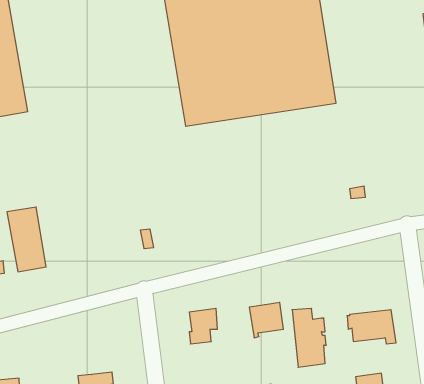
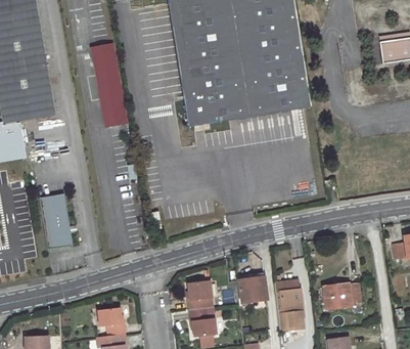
building: none -> [91,46,124,127]
building: none -> [97,307,125,336]
building: none -> [190,308,217,337]

